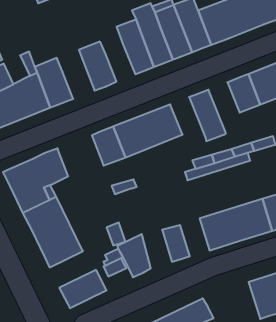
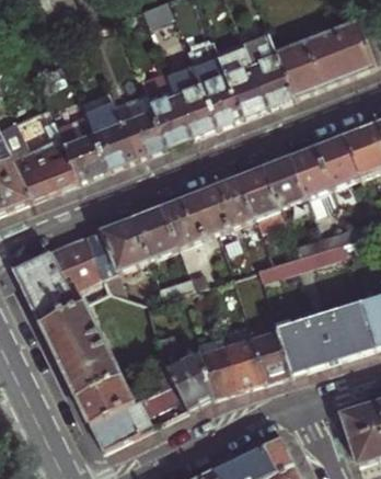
building: none -> [139,70,190,146]
building: none -> [93,115,136,169]
building: none -> [289,147,337,215]
building: none -> [238,167,285,231]
building: none -> [86,218,148,276]
building: none -> [251,330,290,380]
building: none -> [200,345,240,397]
building: none -> [76,374,134,423]

